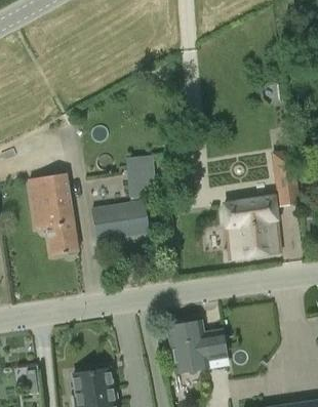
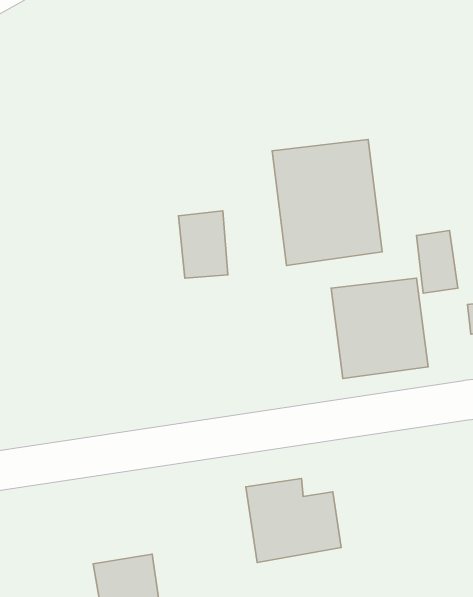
building: none -> [272,139,382,265]
building: [28,172,78,255] -> none
building: [90,199,150,241] -> none

